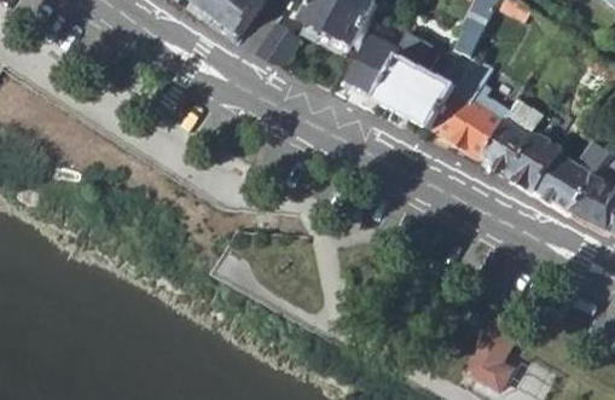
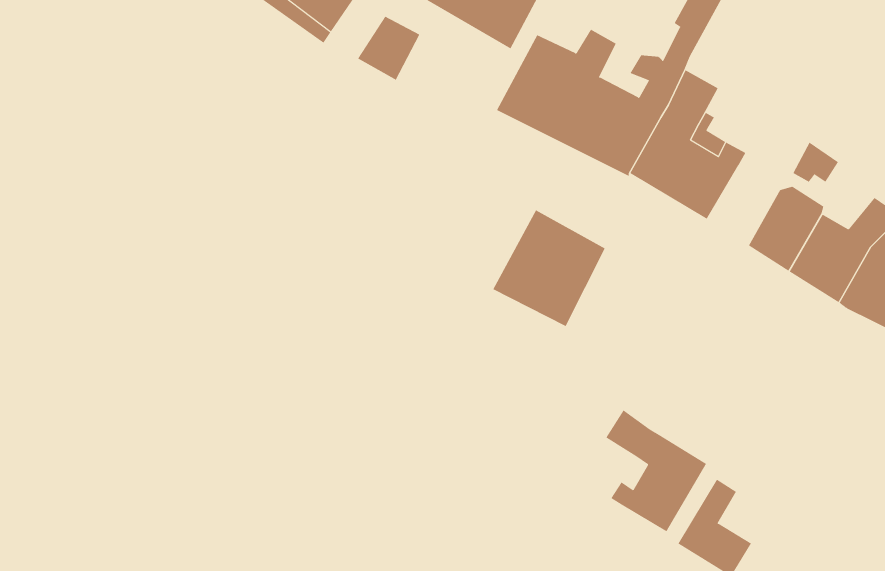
building: [485,103,532,174] -> none
building: none -> [492,209,606,327]
building: none -> [606,409,707,532]

